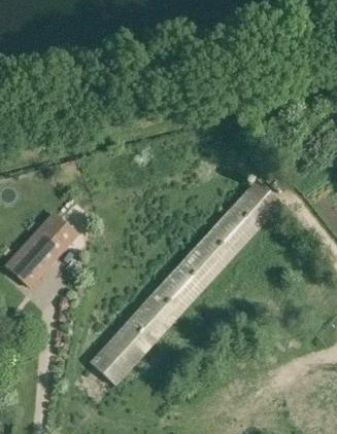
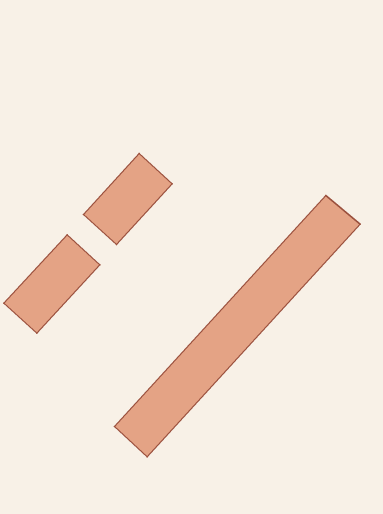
building: none -> [84,154,172,245]

